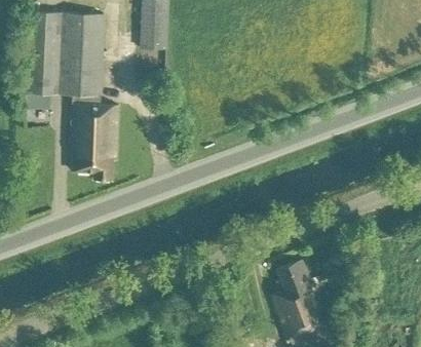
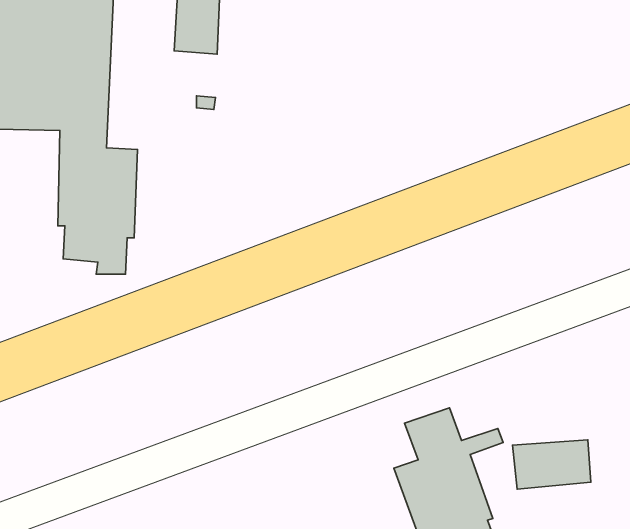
building: none -> [513,440,591,489]

